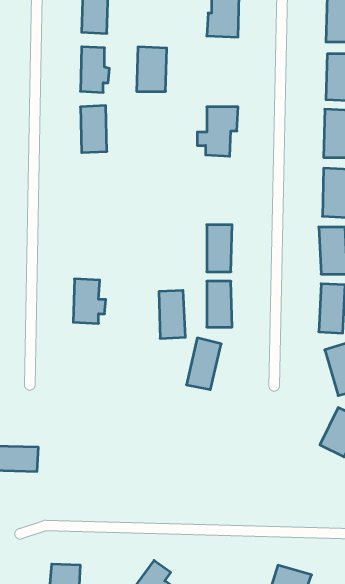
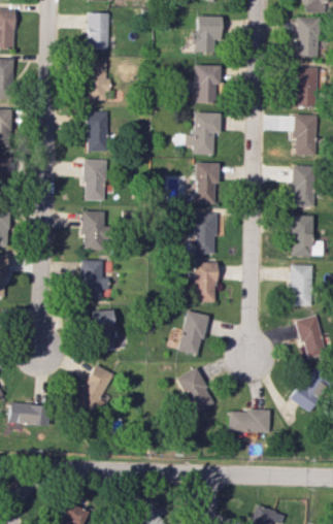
building: [137,47,167,91] -> [195,65,221,103]
building: none -> [82,159,106,201]
building: none -> [194,163,217,204]
building: none -> [81,211,104,250]
building: [159,290,185,338] -> [92,309,114,351]
building: none -> [77,365,111,411]
building: none -> [175,367,213,415]
building: none -> [228,411,269,432]

